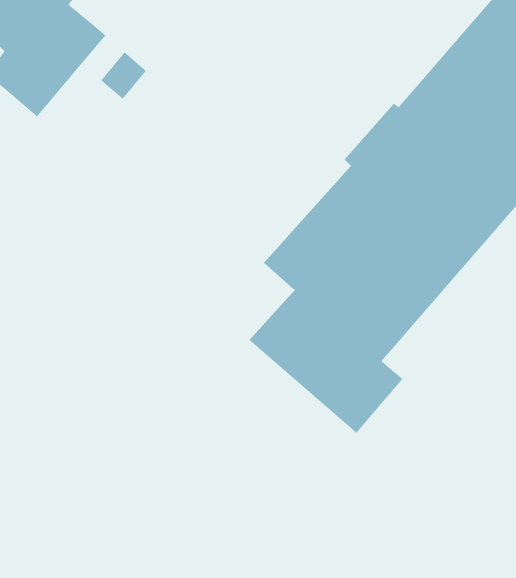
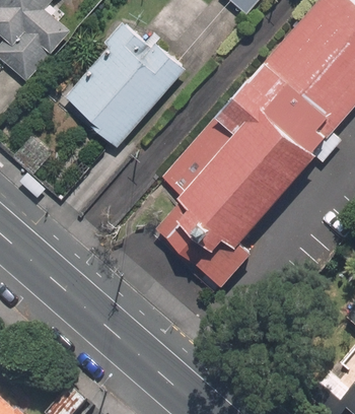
building: none -> [58,22,182,149]

